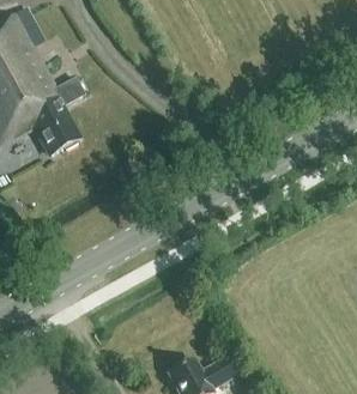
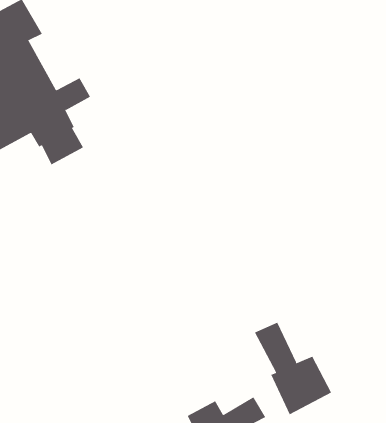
building: none -> [254,322,332,415]

